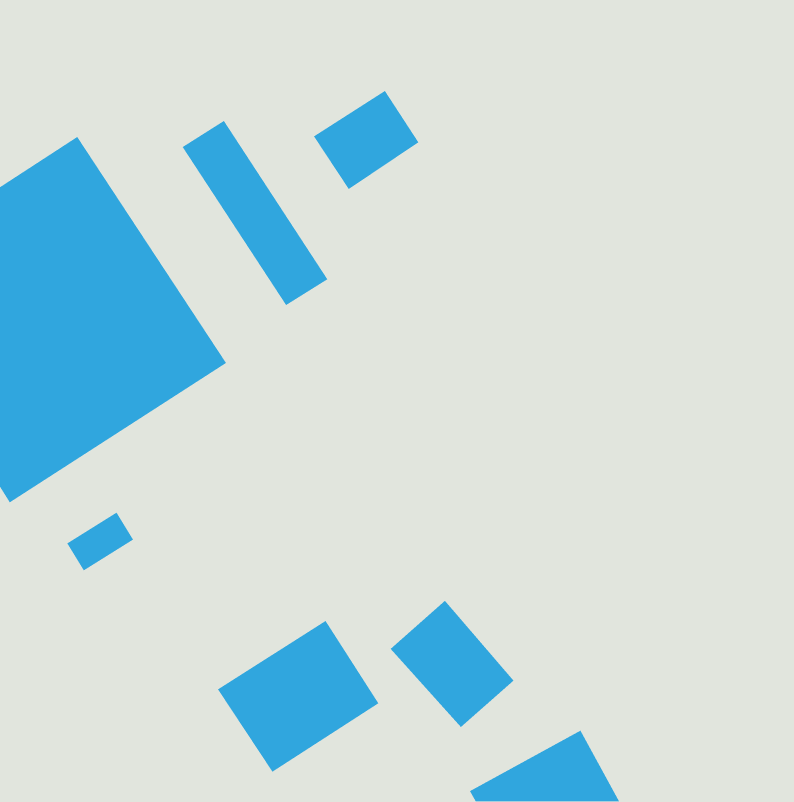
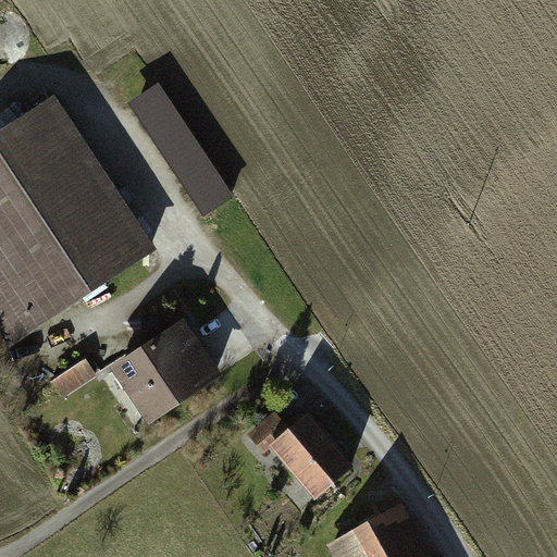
building: [313,90,420,190] -> none
building: [217,620,379,773] -> [108,319,220,424]

